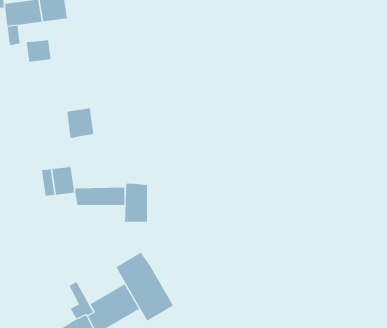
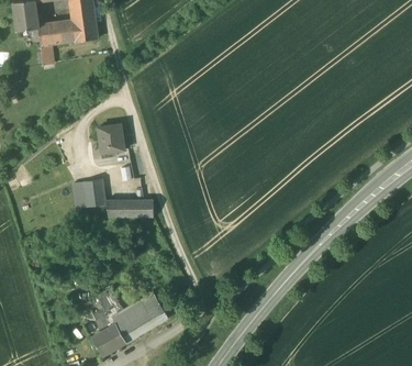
building: [26,40,51,63] -> none
building: [125,183,147,223] -> none
building: [116,252,174,321] -> none

